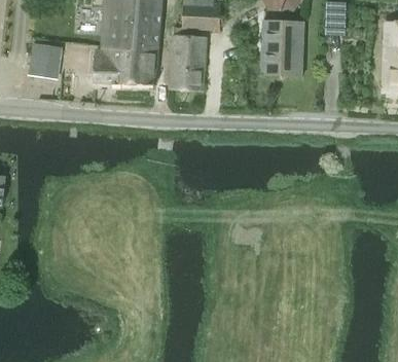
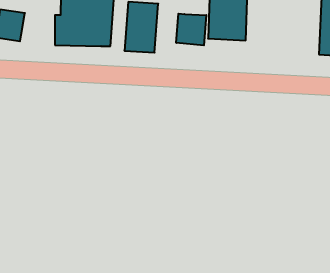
building: none -> [176,14,206,45]

